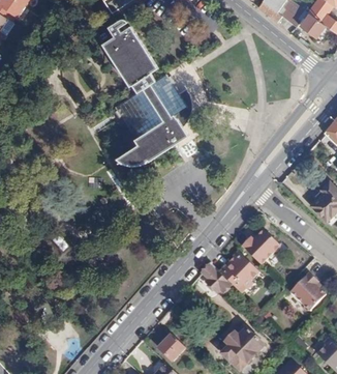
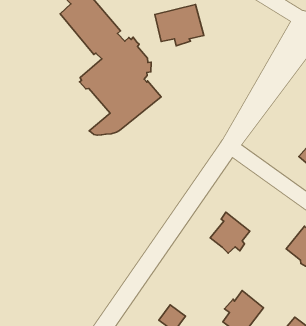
building: none -> [155,4,204,46]
building: [241,228,280,264] -> none
building: [202,264,229,293] -> none

